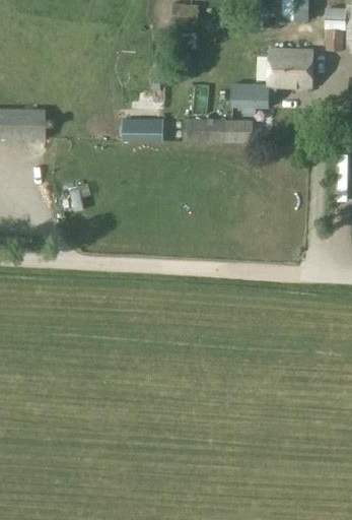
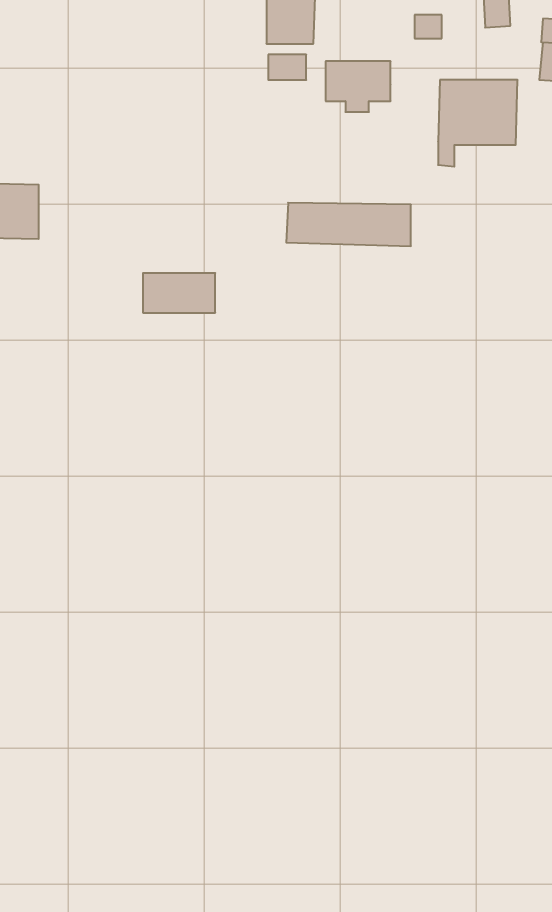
building: [231,84,268,113] -> [326,61,391,112]
building: [122,119,162,141] -> [143,273,215,313]

